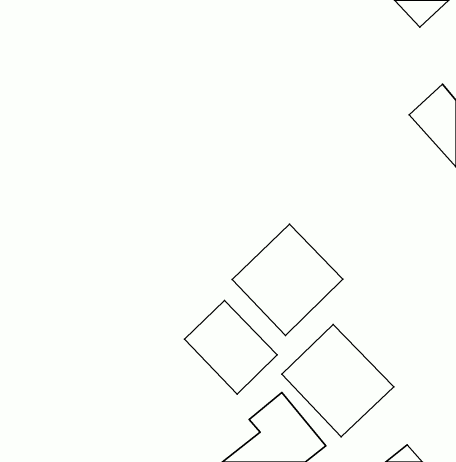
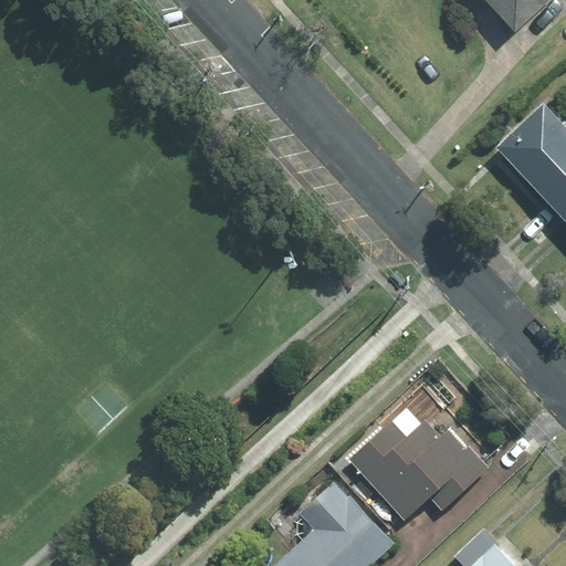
building: [232,224,343,335] -> none
building: [185,301,277,394] -> none

